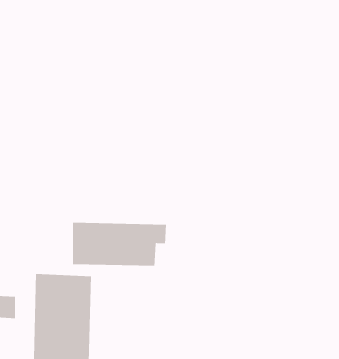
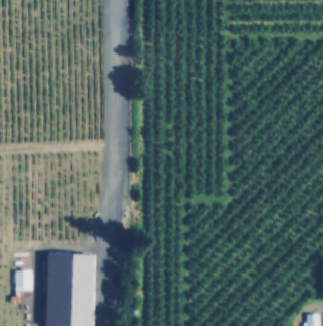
building: [72,222,167,266] -> none

